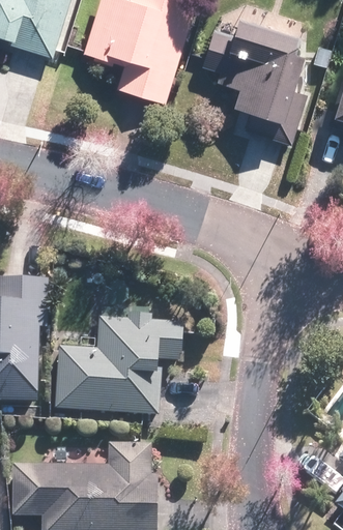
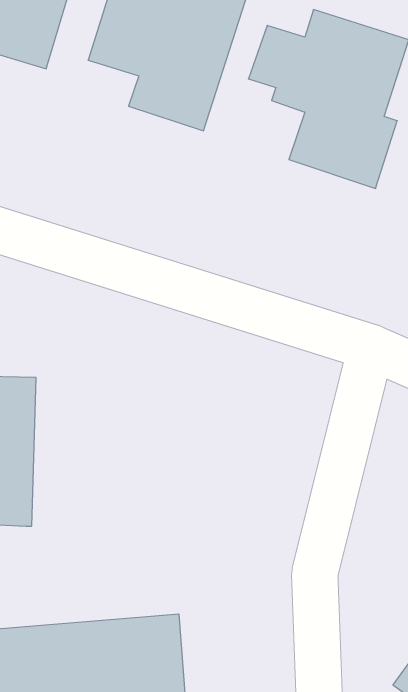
building: [58,317,197,416] -> none

